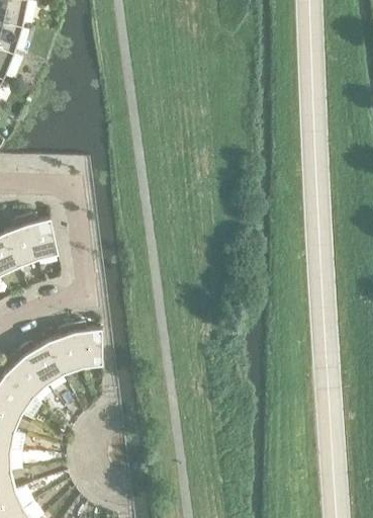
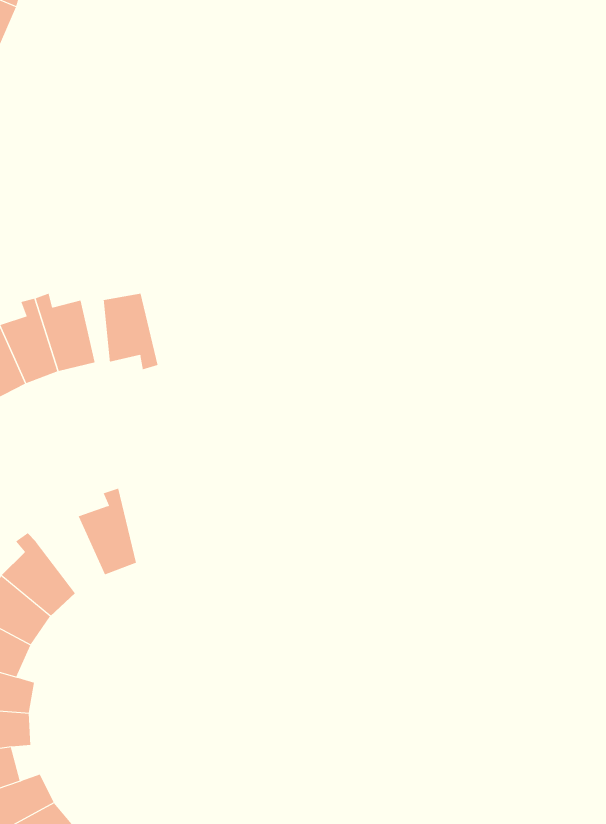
building: none -> [103,293,158,370]
building: [70,324,101,368] -> none
building: [18,342,62,385] -> none

